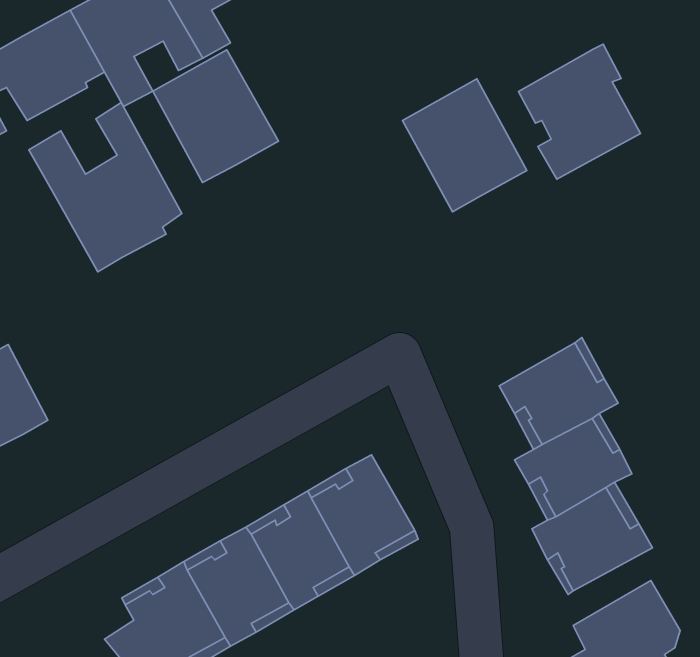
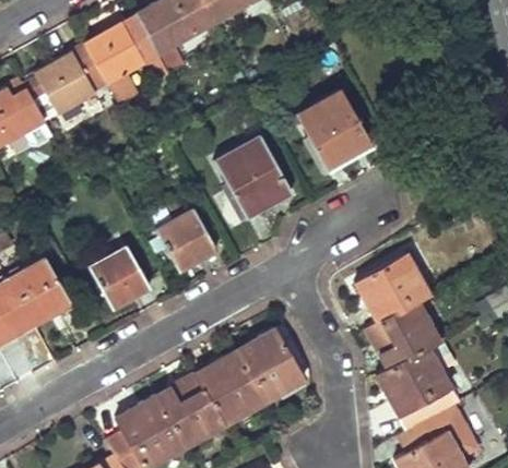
building: [518,44,641,179] -> none
building: [153,50,278,182] -> [214,134,294,218]
building: [29,103,182,272] -> none
building: none -> [156,209,217,272]
building: none -> [88,247,151,310]

